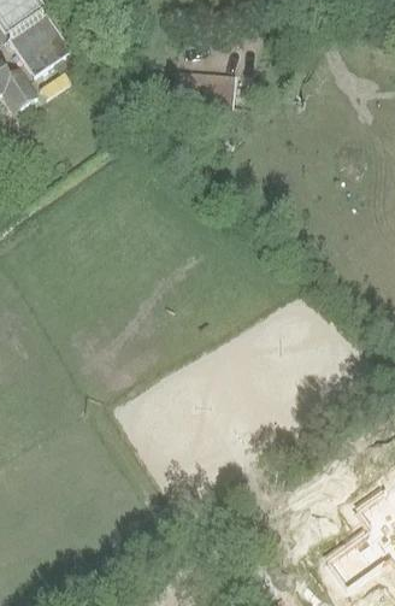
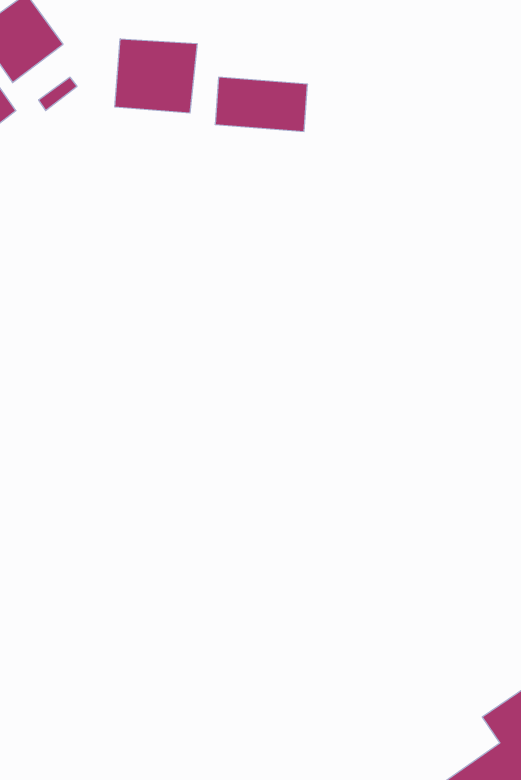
building: none -> [115,39,197,113]

